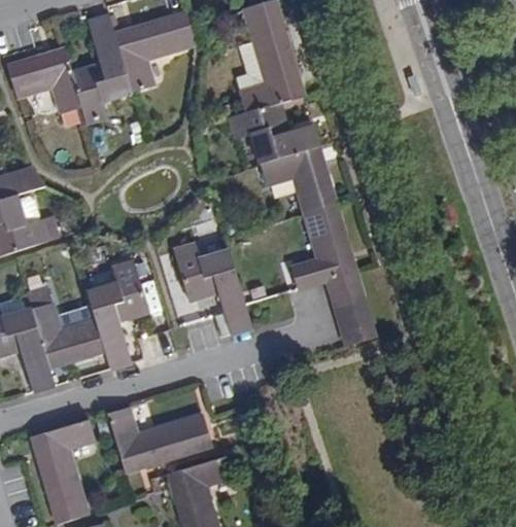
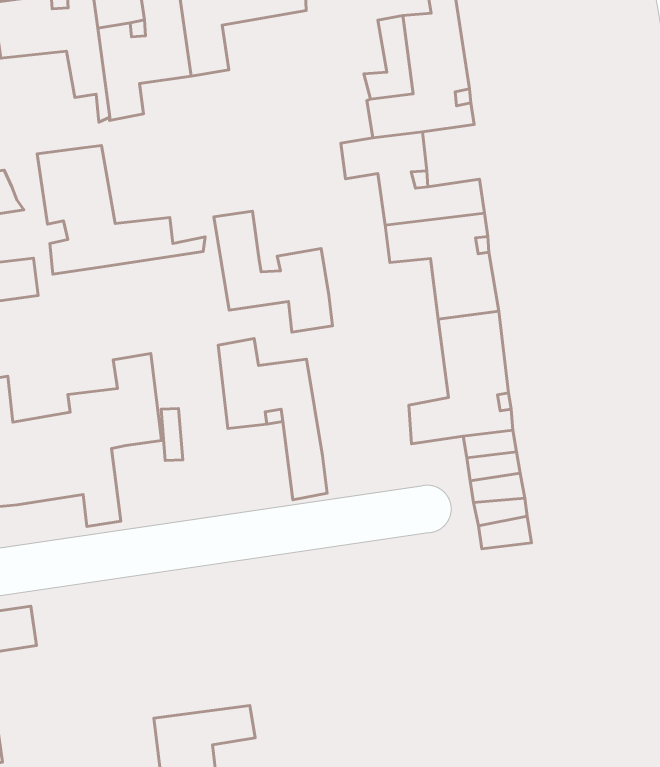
building: none -> [37,146,205,274]
building: none -> [214,211,332,332]
building: [106,407,209,469] -> none

